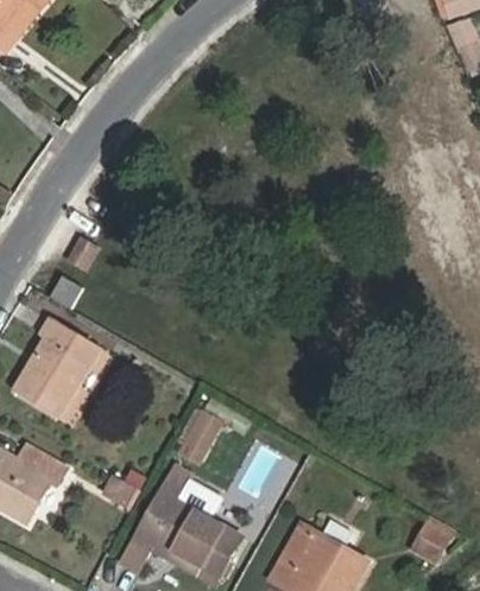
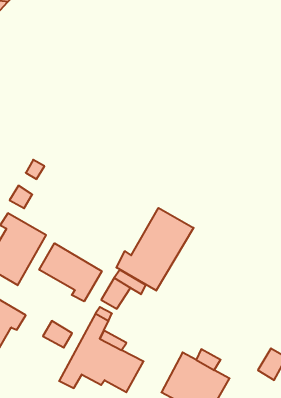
building: none -> [116,208,194,291]
building: none -> [39,243,102,301]

